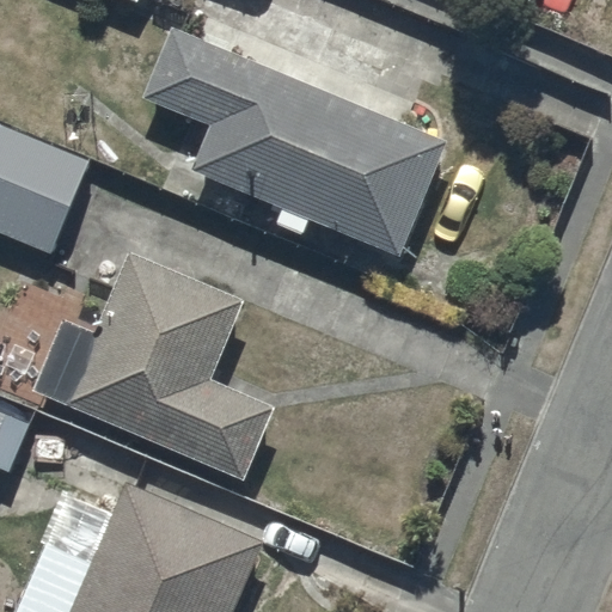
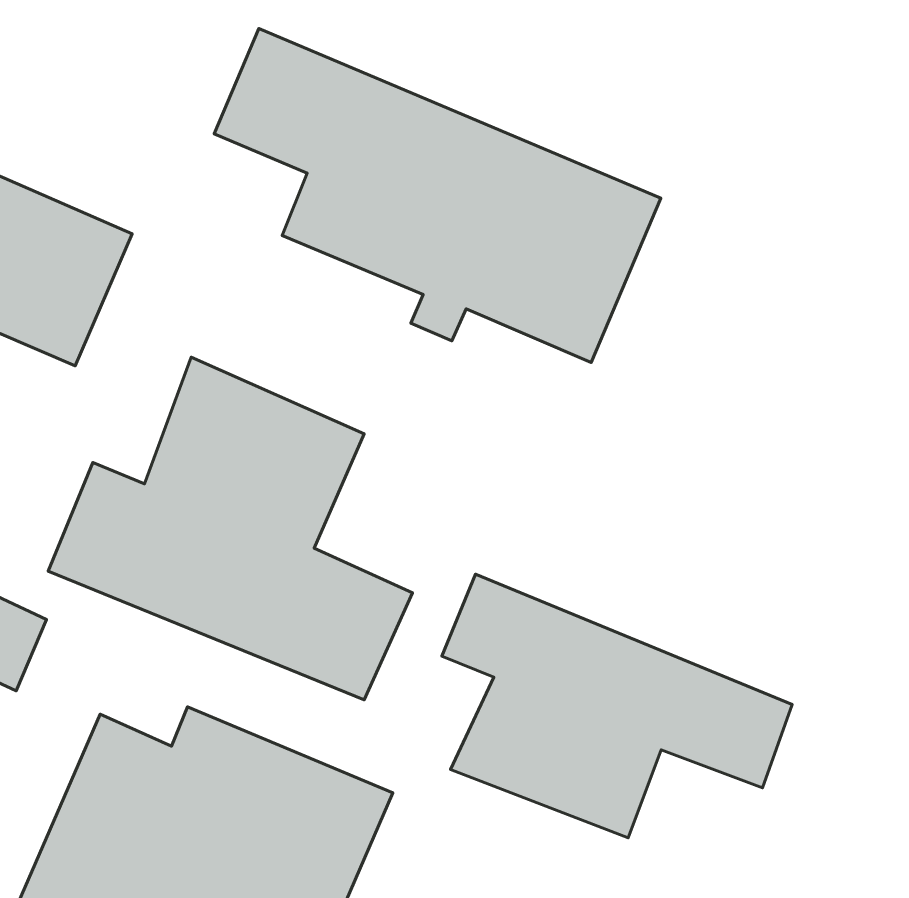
building: none -> [442,574,792,838]

